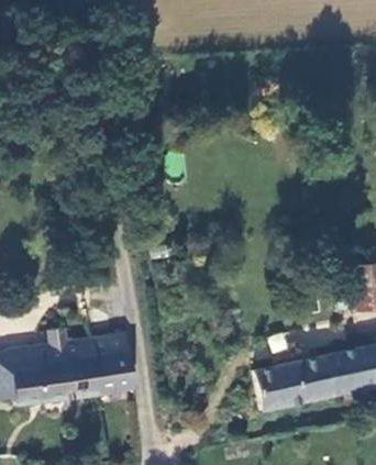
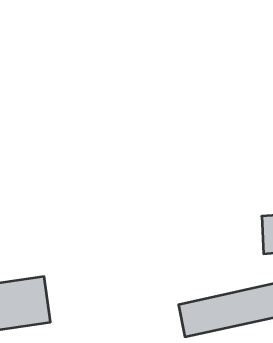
building: [92,333,134,405] -> none

